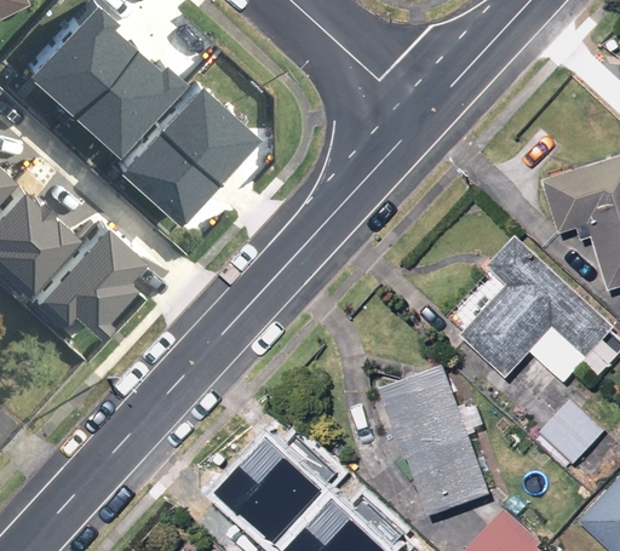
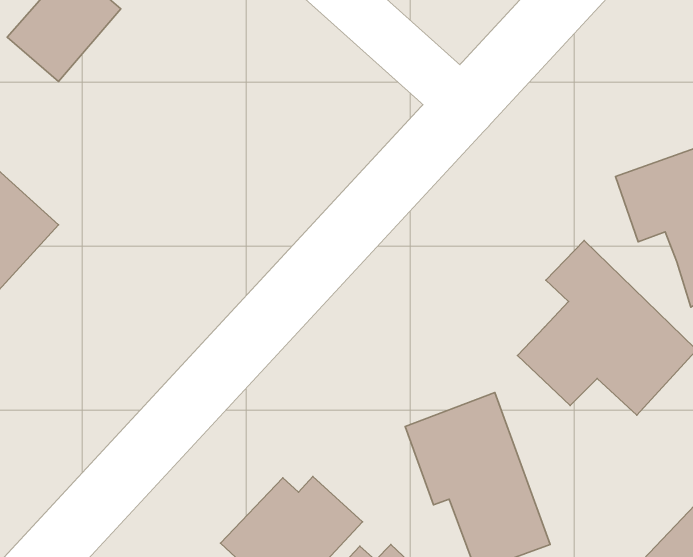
building: [74,42,178,143] -> none
building: [122,82,247,210] -> none
building: [30,218,139,323] -> none
building: [542,406,605,469] -> none

